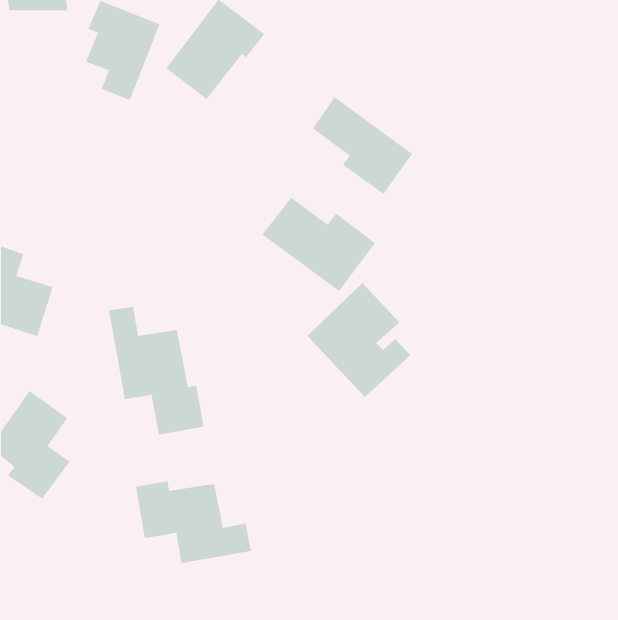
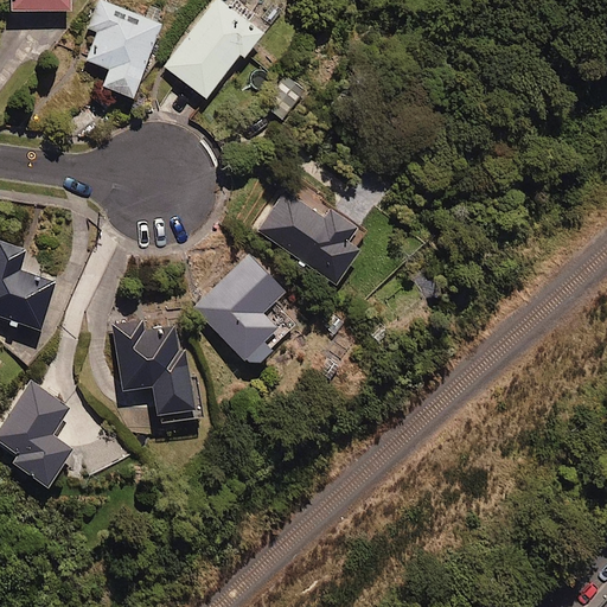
building: [312,96,413,195] -> none
building: [306,282,411,398] -> [193,254,295,366]
building: [135,481,251,564] -> none

